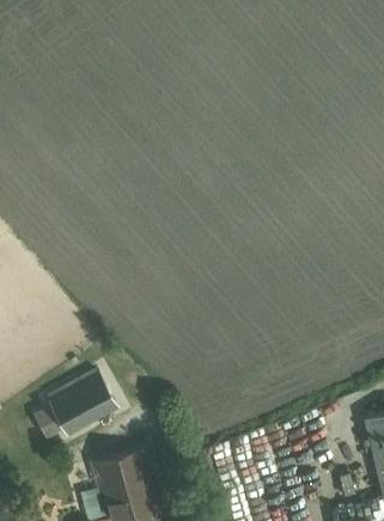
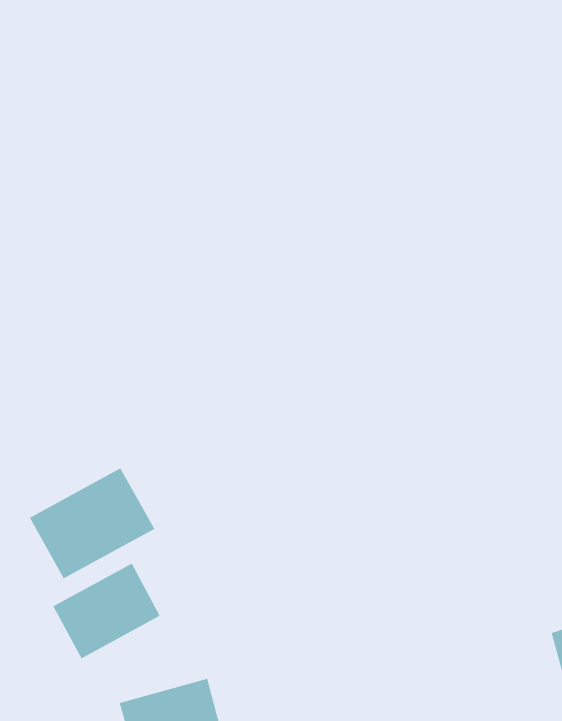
building: none -> [29,467,155,579]

